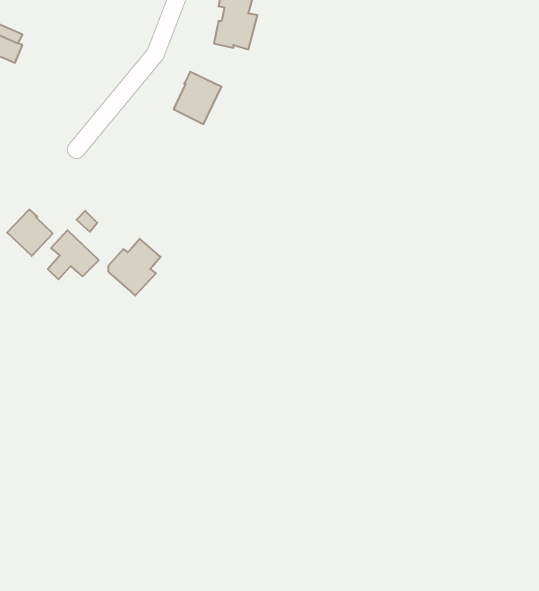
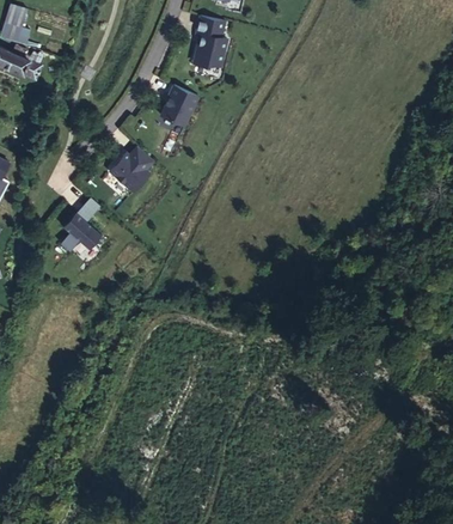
building: [7,209,53,256] -> none
building: [108,239,161,296] -> [111,147,153,193]

